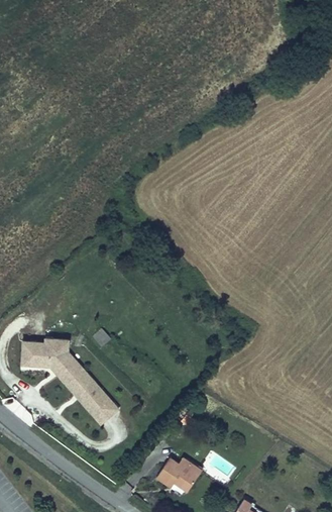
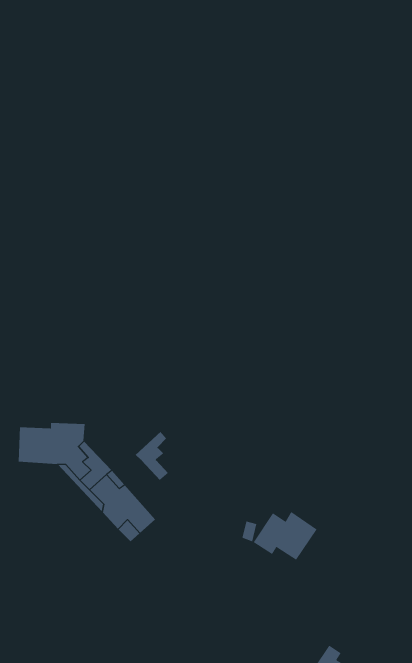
building: none -> [135,431,169,481]
building: [155,456,202,492] -> [253,511,318,560]

